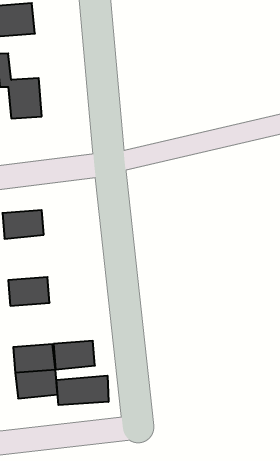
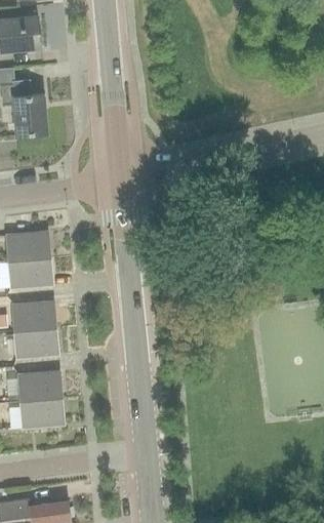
building: none -> [9,257,52,287]
building: [54,341,95,370] -> [15,328,58,358]
building: [56,376,108,405] -> none

